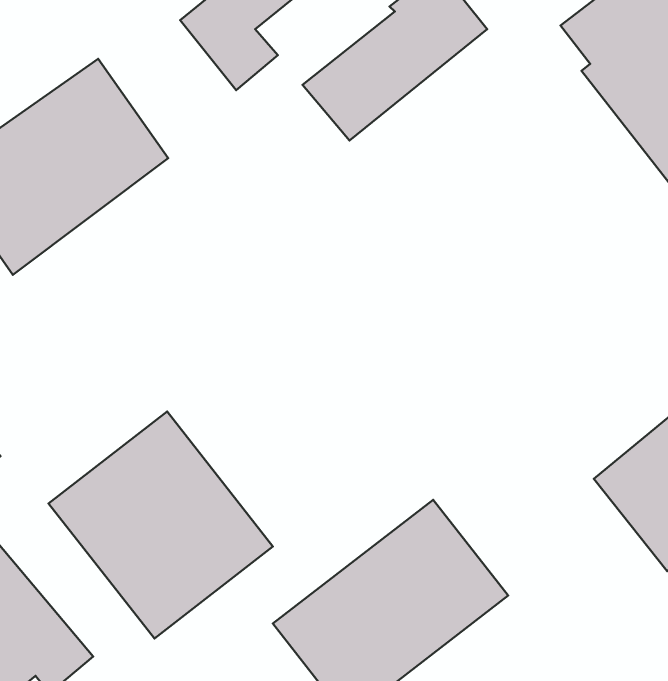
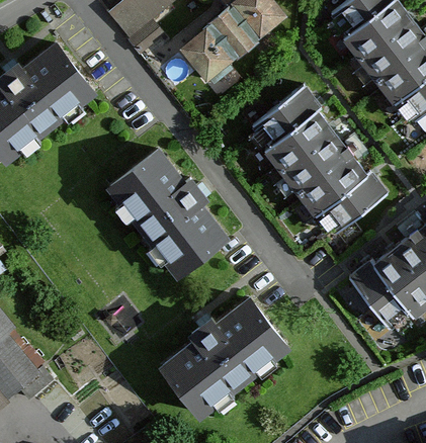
building: none -> [250,88,386,238]
building: none -> [110,145,234,280]
building: [49,412,273,638] -> none

